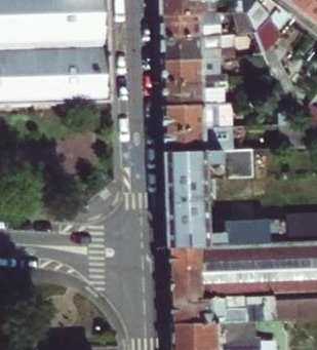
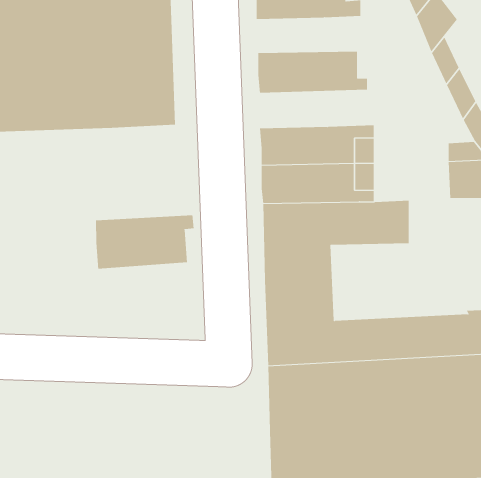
building: [161,33,240,55] -> none
building: [163,78,230,102] -> none
building: none -> [96,214,194,270]

